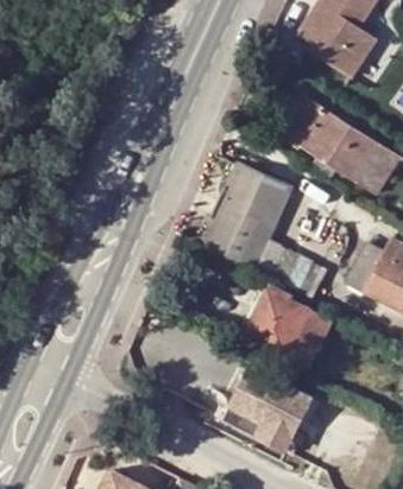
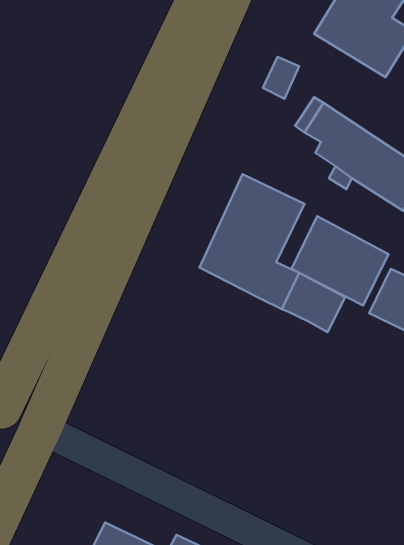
building: [245,288,330,367] -> [292,216,389,305]
building: [218,366,313,453] -> none

